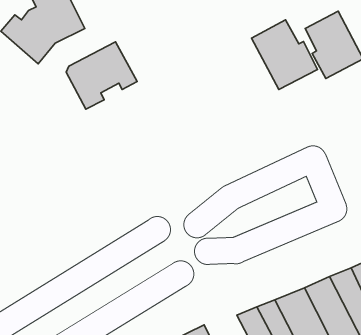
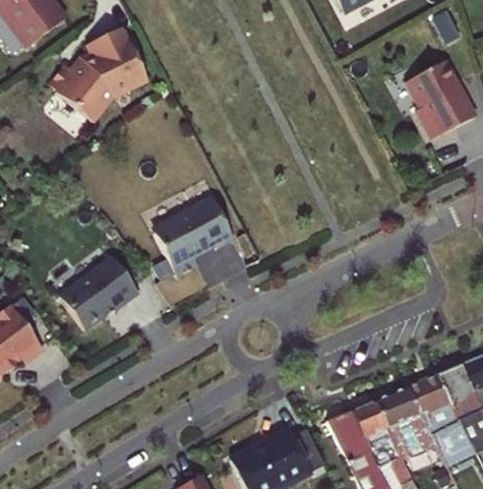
building: [251,20,318,90] -> none
building: [66,42,137,109] -> [155,197,238,277]
building: none -> [59,255,139,329]

